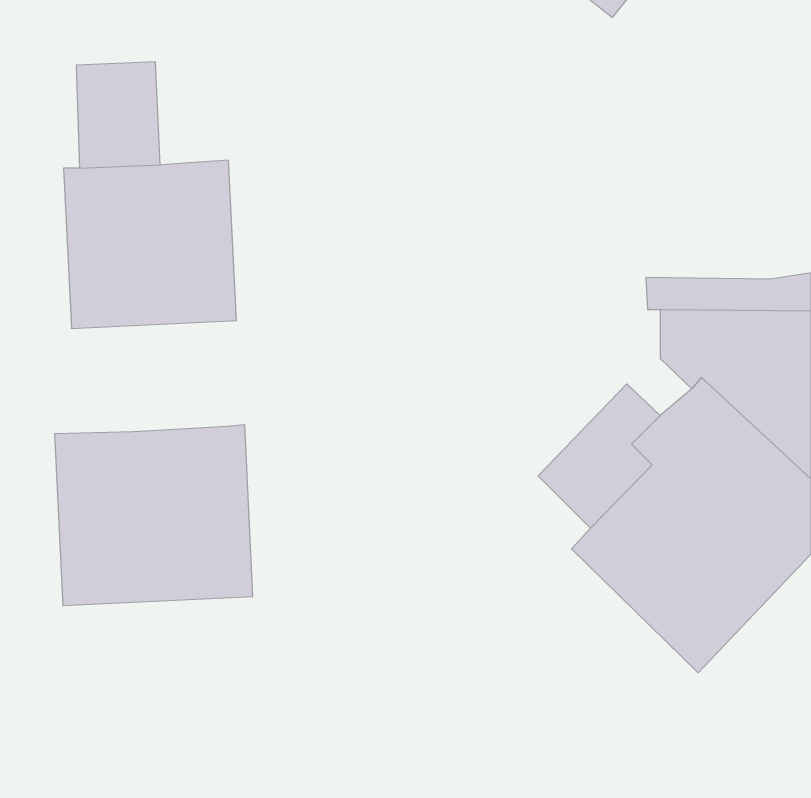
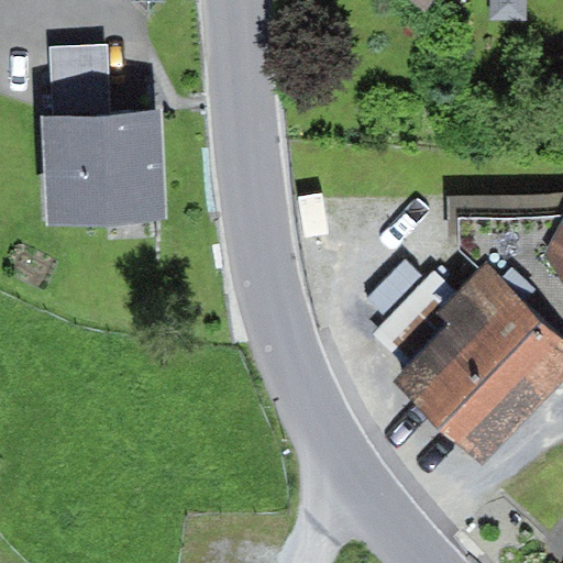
building: [55,425,252,606] -> none

